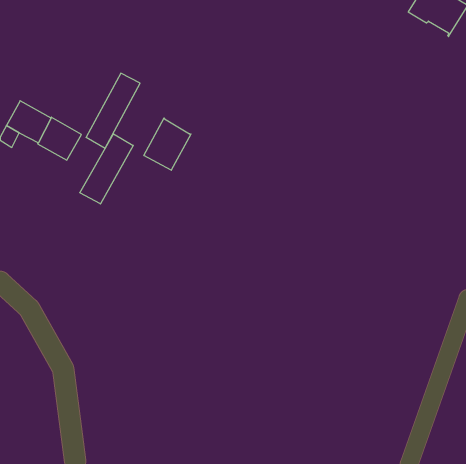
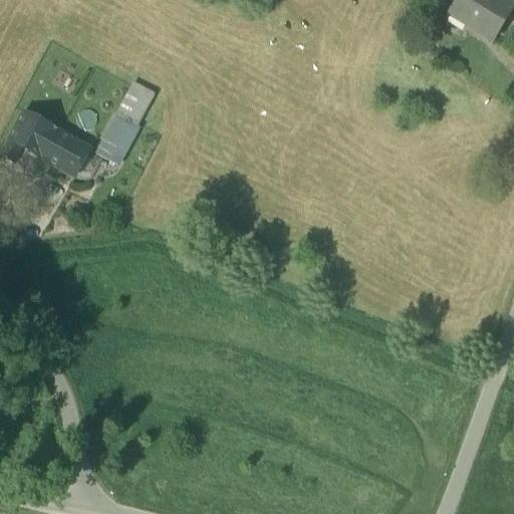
building: [144,118,191,170] -> none
building: [80,134,133,204] -> none

